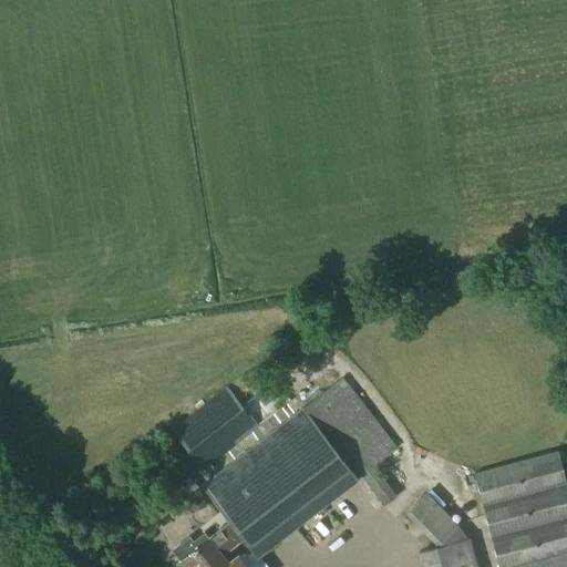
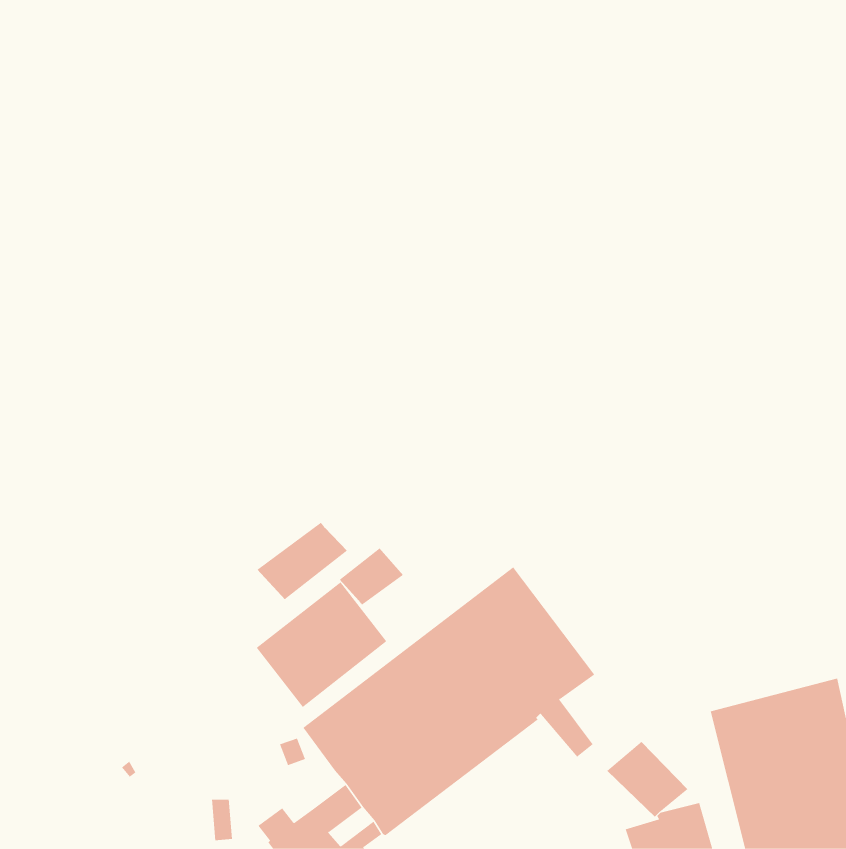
building: none -> [257,522,348,600]
building: none -> [339,548,404,606]

